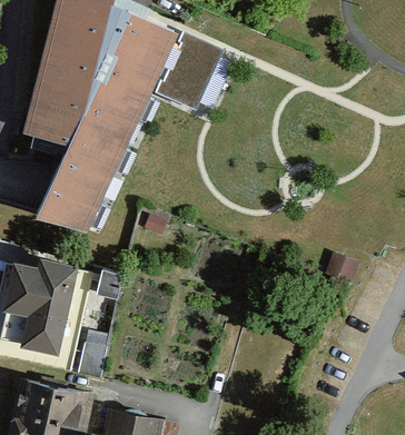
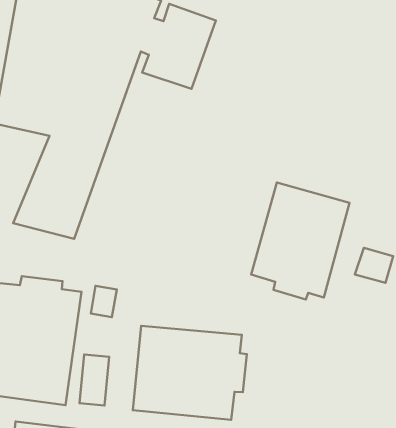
building: none -> [251,182,350,299]
building: none -> [133,326,247,420]

